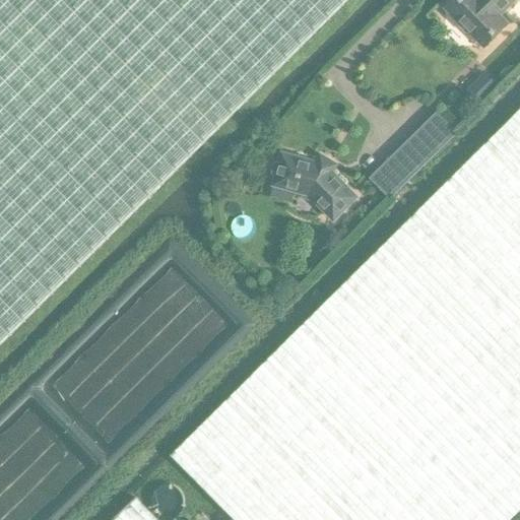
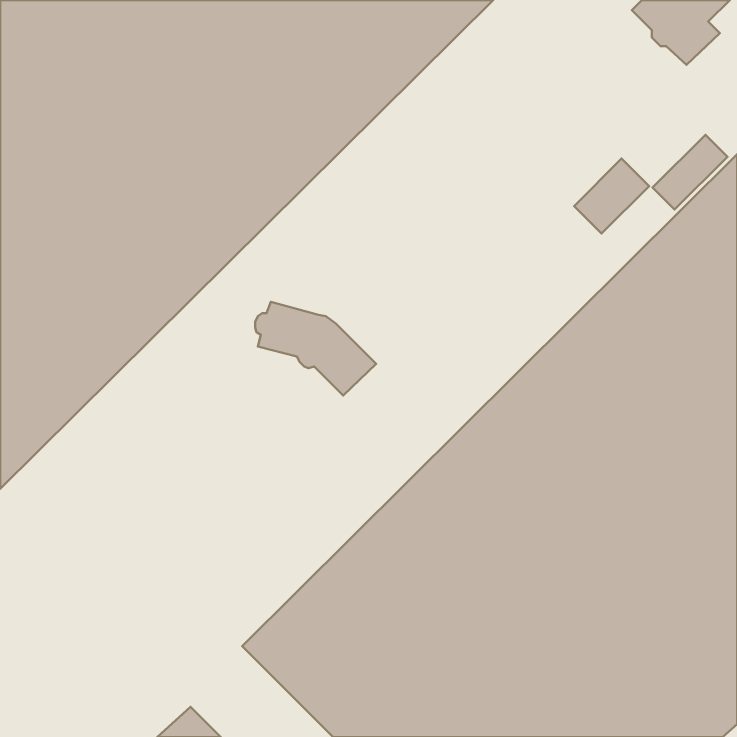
building: none -> [653,135,727,210]
building: [380,145,424,188] -> none
building: [271,153,356,219] -> [255,302,376,396]

